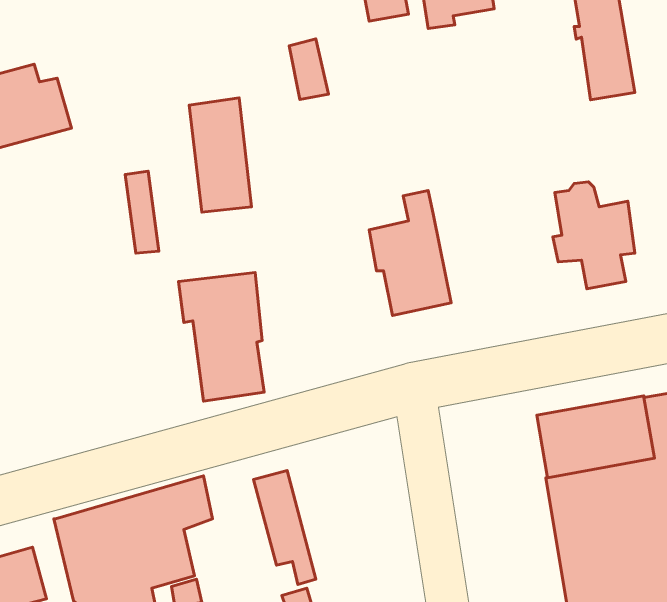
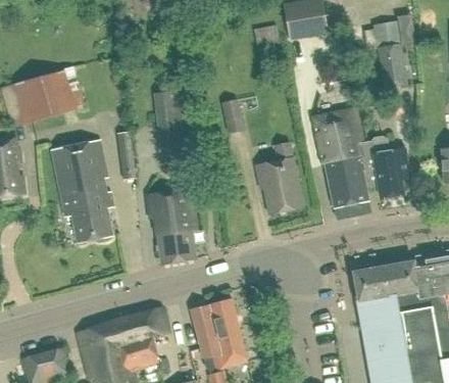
building: [289,39,328,99] -> [221,98,244,133]
building: none -> [311,108,368,207]
building: none -> [52,139,113,240]
building: none -> [209,296,247,365]

